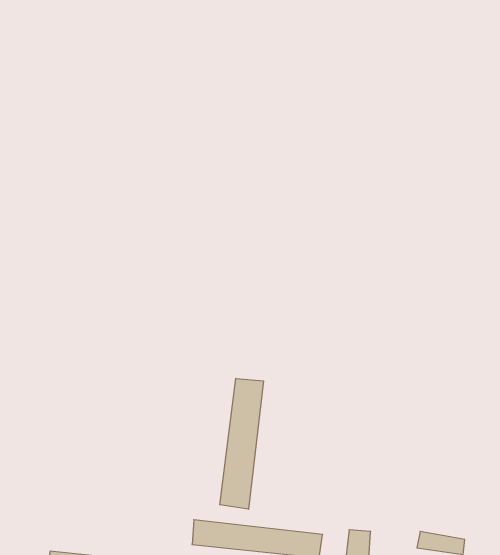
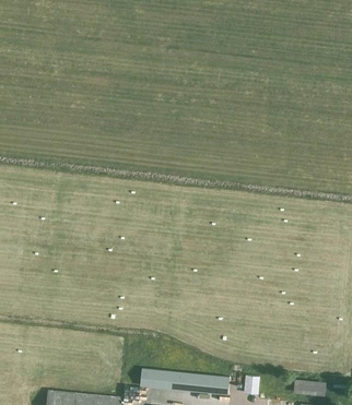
building: [220,378,263,509] -> none

